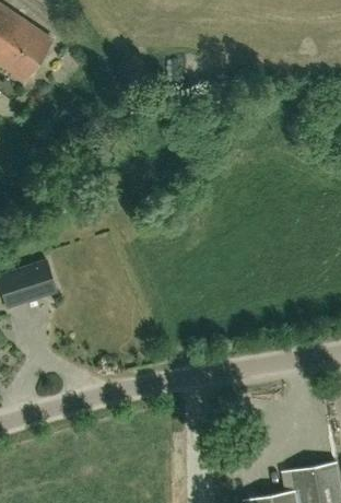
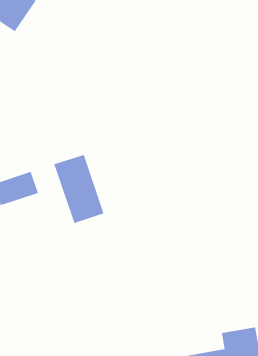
building: none -> [54,154,104,224]

